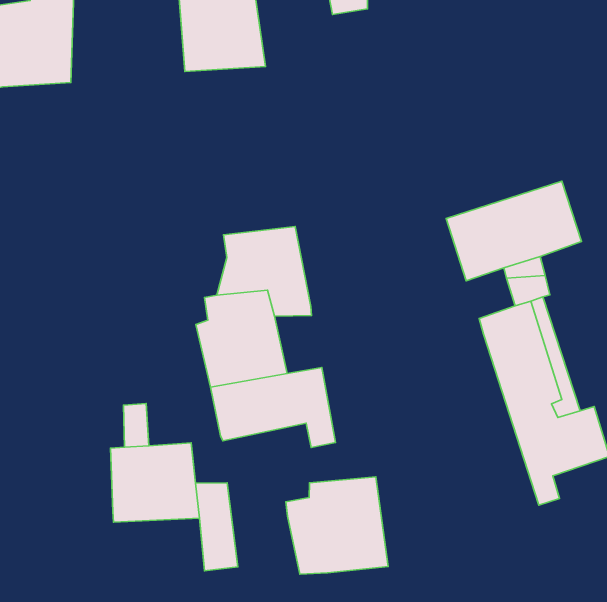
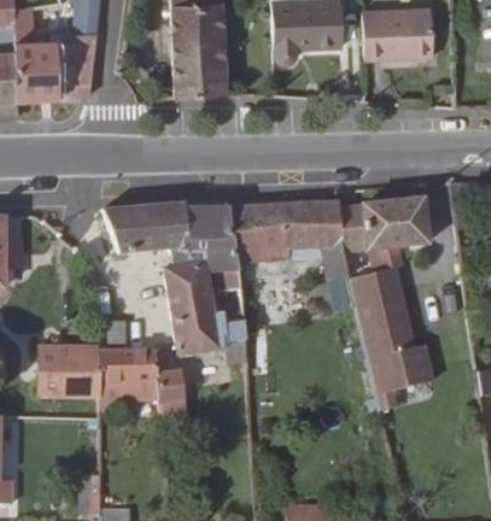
building: none -> [234,200,358,288]
building: none -> [103,203,186,256]
building: none -> [40,350,98,393]
building: [286,477,388,574] -> none

